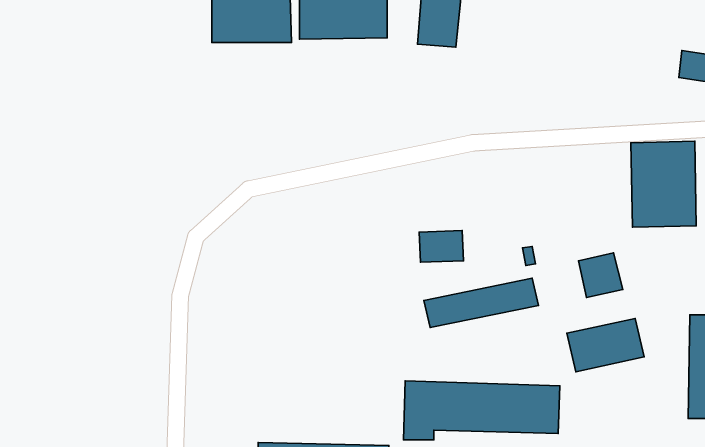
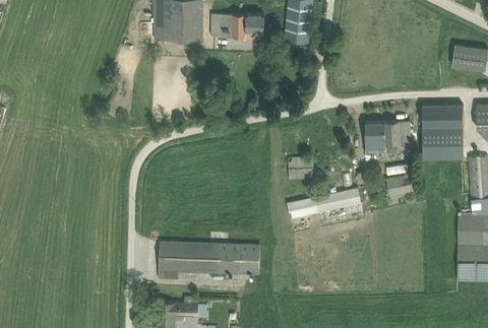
building: none -> [365,121,411,152]
building: [567,318,644,372] -> none
building: [404,381,560,440] -> [159,241,258,278]

